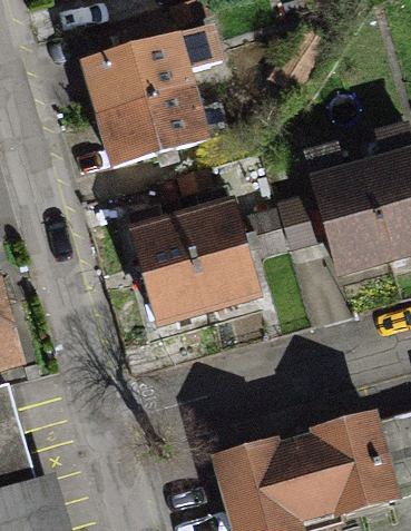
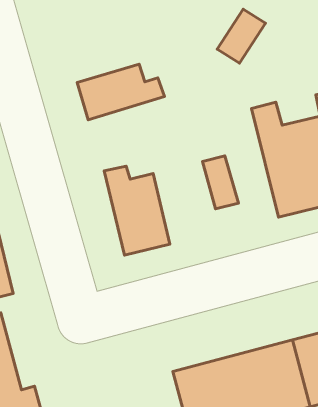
building: [81,30,185,112] -> none
building: [188,190,252,306] -> none

